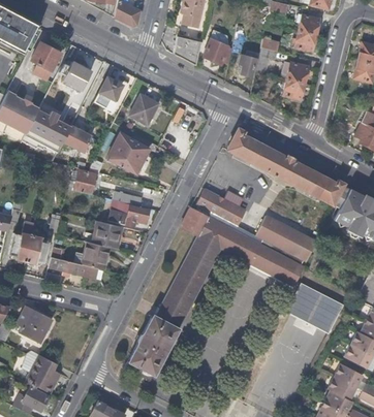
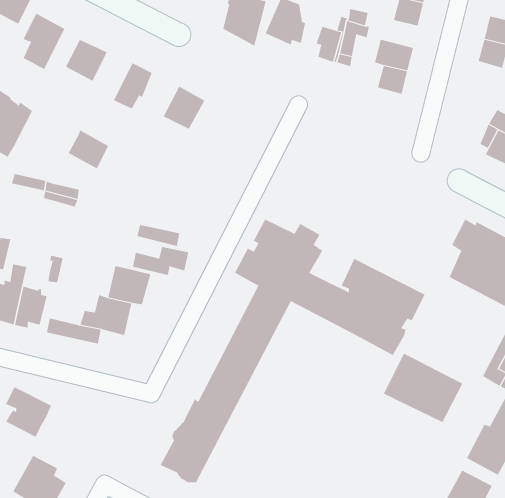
building: [25,110,70,152] -> none
building: [228,127,345,204] -> none
building: [106,131,149,174] -> none
building: [68,170,95,194] -> none

